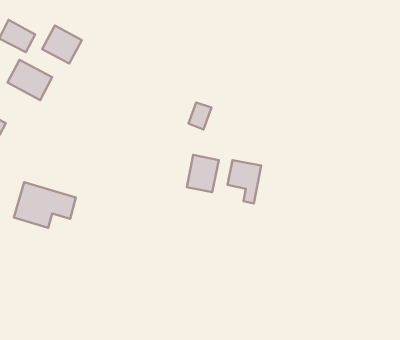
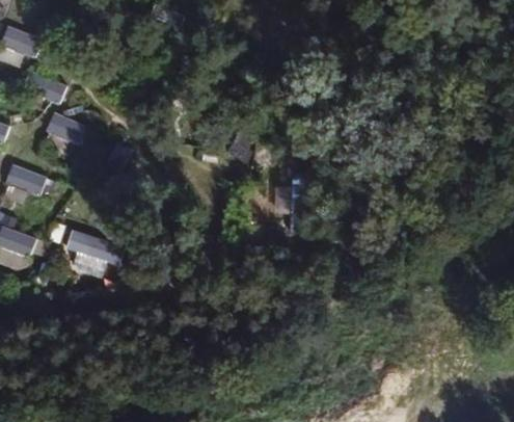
building: [42,26,82,64] -> none
building: [187,155,219,192] -> none

